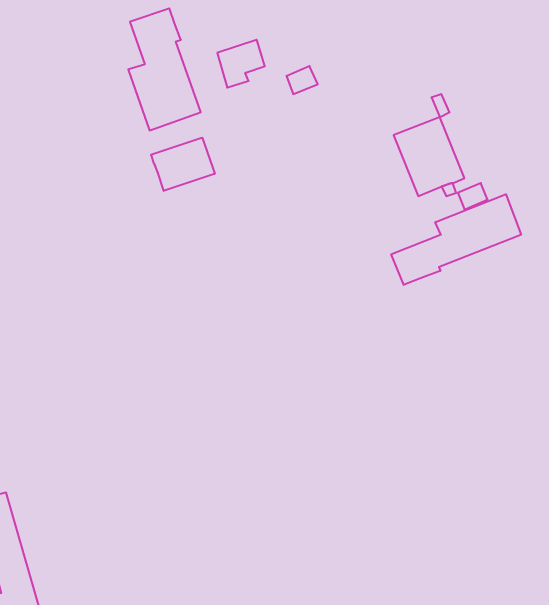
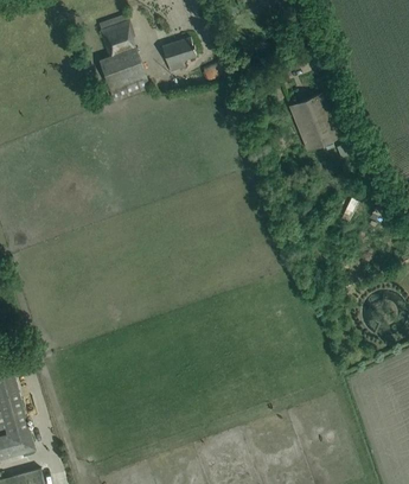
building: [151,138,215,191] -> none
building: [391,194,521,285] -> none

